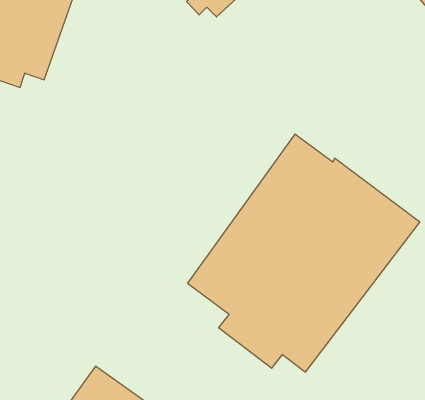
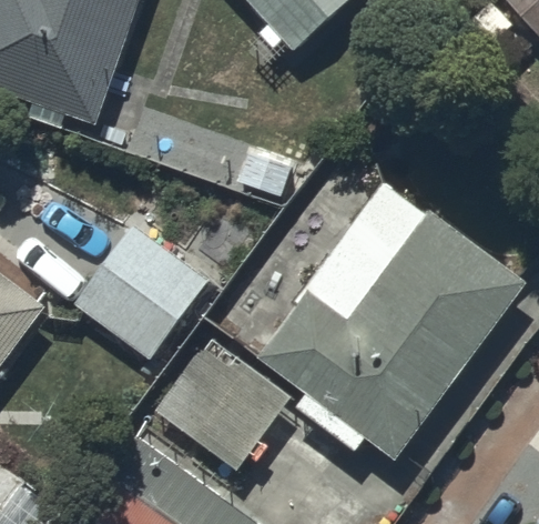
building: none -> [75,225,220,361]
building: none -> [159,337,289,466]

